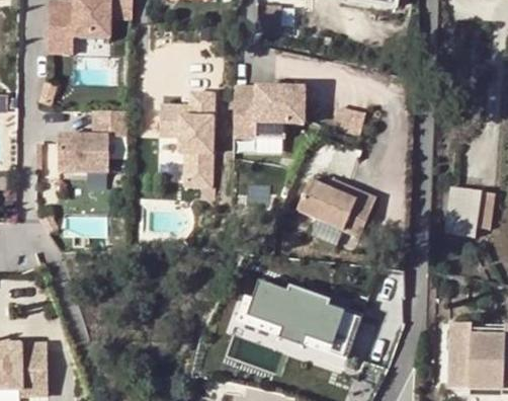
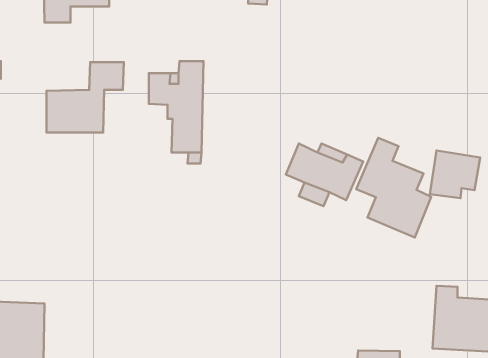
building: [236,85,311,150] -> none
building: none -> [356,138,431,238]
building: [252,278,362,352] -> none

